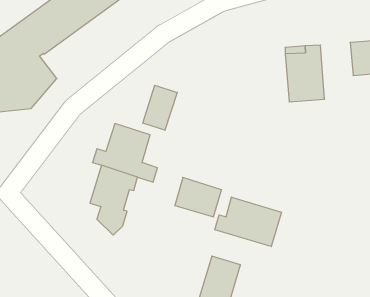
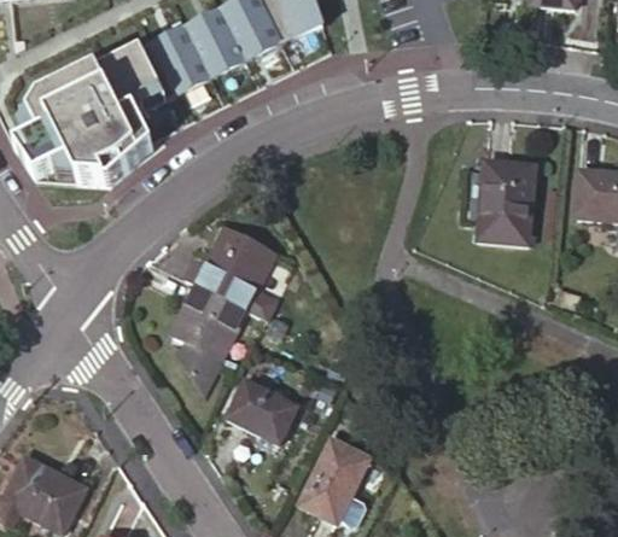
building: [143,85,177,130] -> none
building: [175,177,222,217] -> [227,378,297,440]
building: [215,197,281,247] -> none

